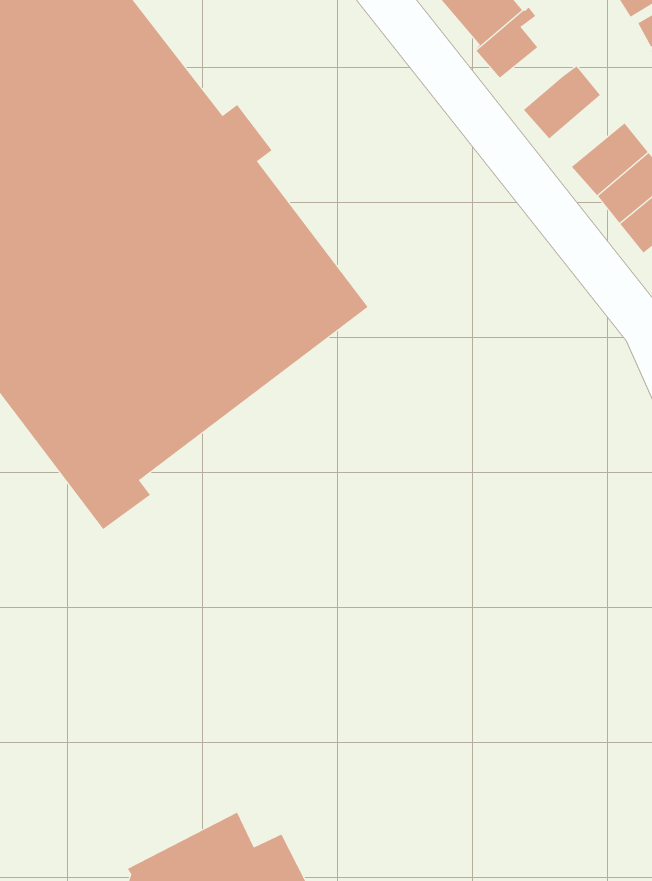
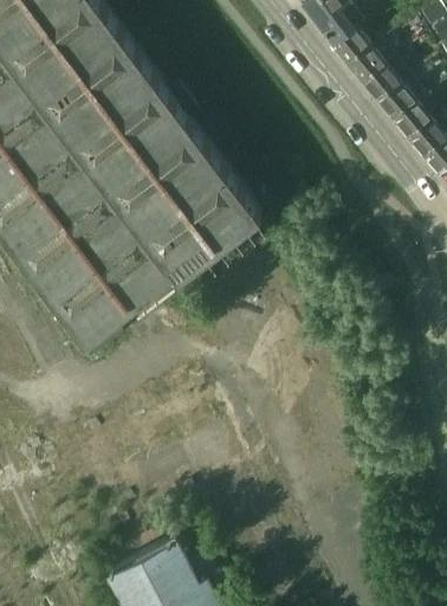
building: none -> [346,46,387,86]
building: none -> [378,77,427,123]

